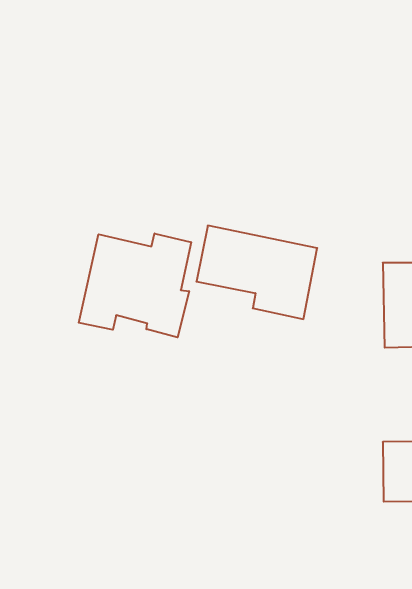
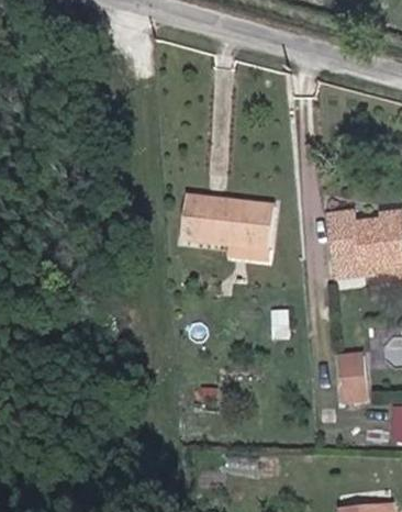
building: [79,233,191,337] -> none

